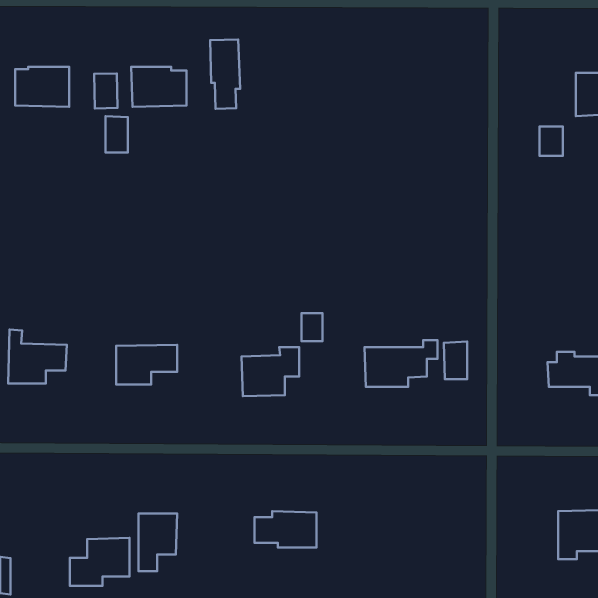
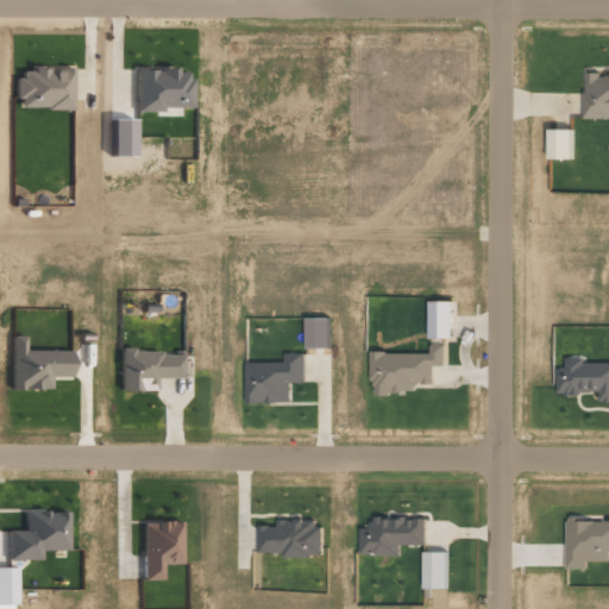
building: [210,40,240,109] -> none
building: [94,73,118,108] -> none
building: [444,342,467,379] -> [428,300,452,338]
building: none -> [359,516,426,554]
building: [70,538,130,586] -> [6,509,67,558]
building: none -> [423,550,447,588]

